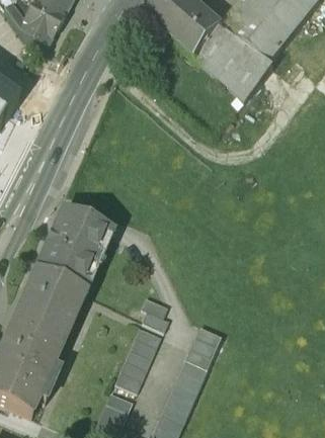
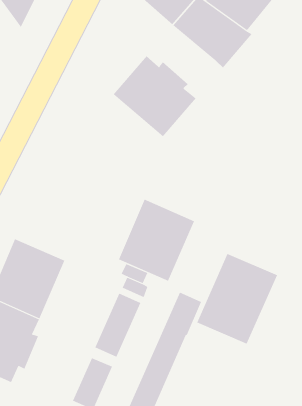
building: none -> [113,56,196,137]
building: [36,203,113,286] -> [118,199,195,282]
building: none -> [196,253,278,344]

